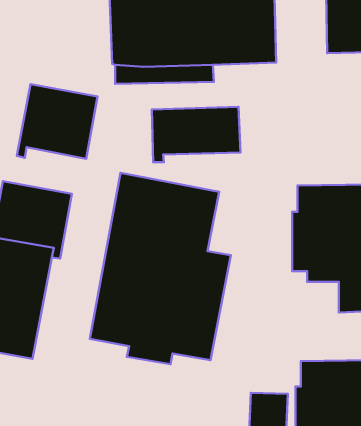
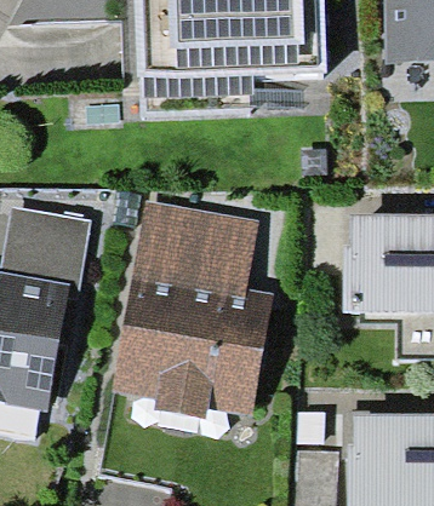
building: [17,84,98,159] -> none
building: [152,107,240,162] -> none

